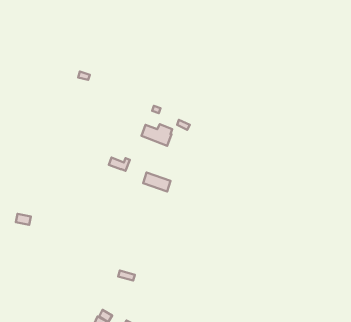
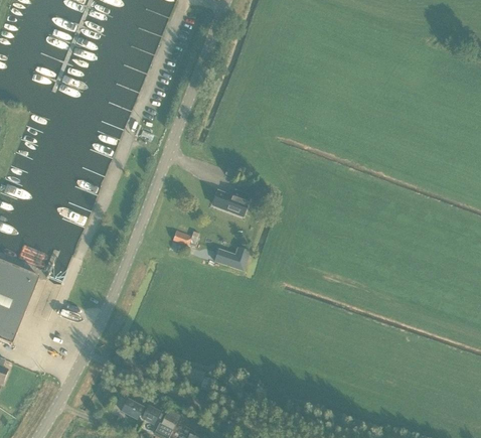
building: none -> [120,398,158,422]

